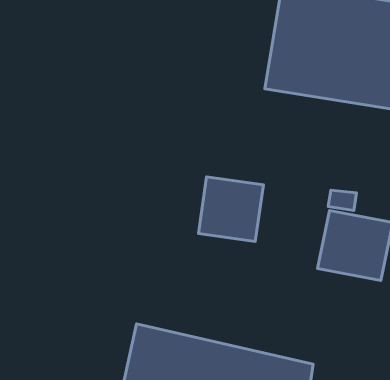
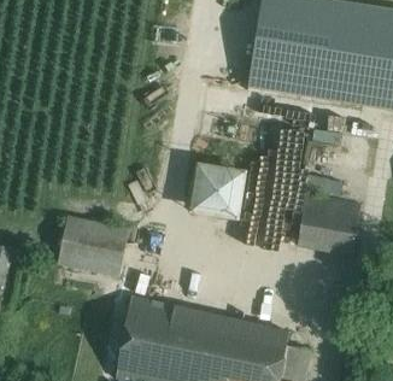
building: none -> [57,218,129,277]

